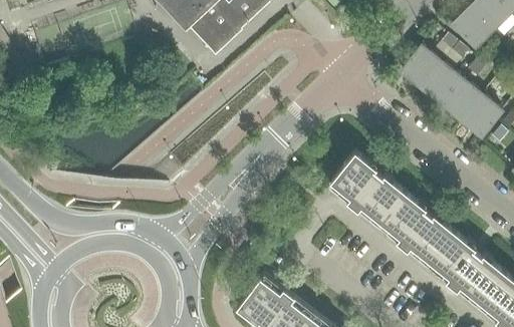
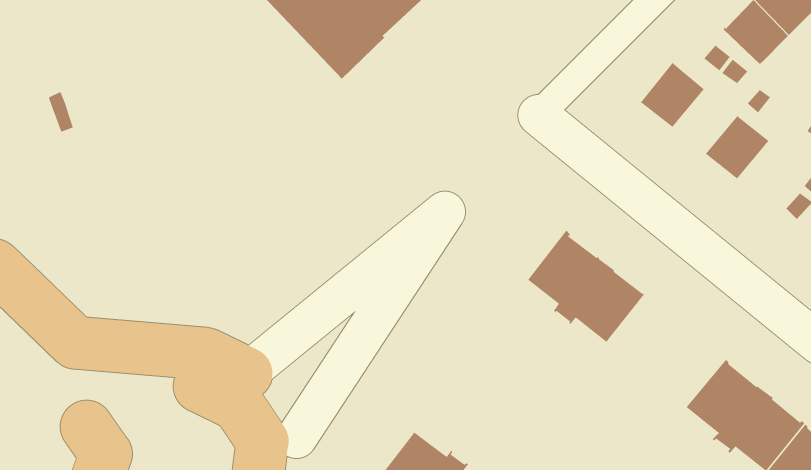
building: [419,63,459,103] -> none
building: [459,95,500,136] -> none
building: [377,191,452,261] -> none

